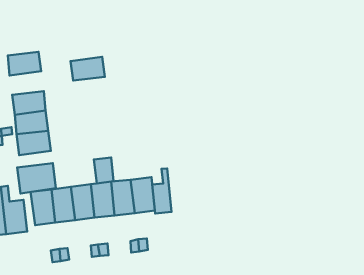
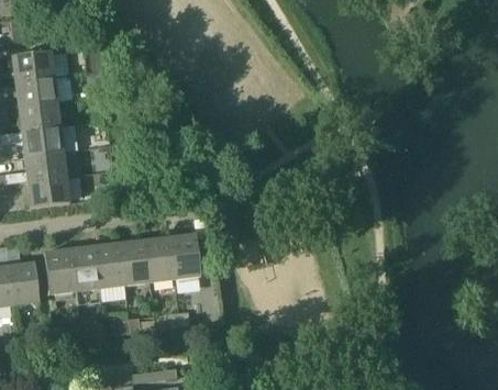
building: none -> [12,49,54,80]
building: [71,57,105,80] -> [18,100,60,130]
building: [94,158,113,183] -> none
building: [17,163,56,193] -> none
building: [152,168,172,213] -> none

